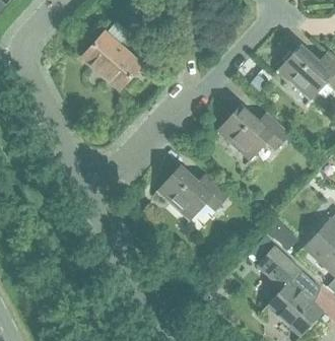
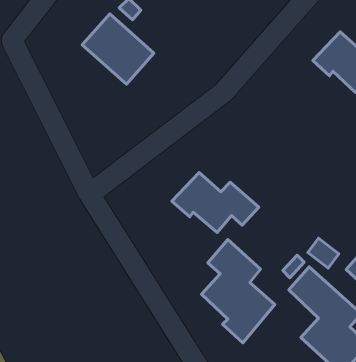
building: [217,106,290,161] -> none
building: none -> [201,239,275,343]

